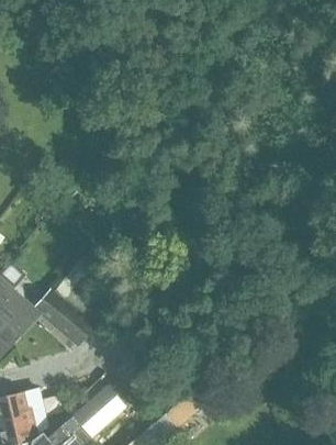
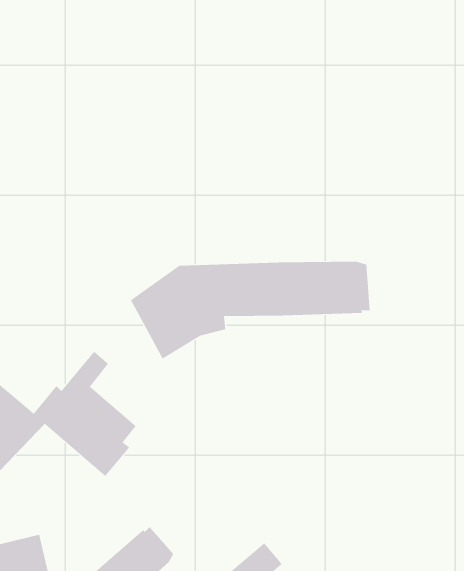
building: none -> [130,261,370,360]

